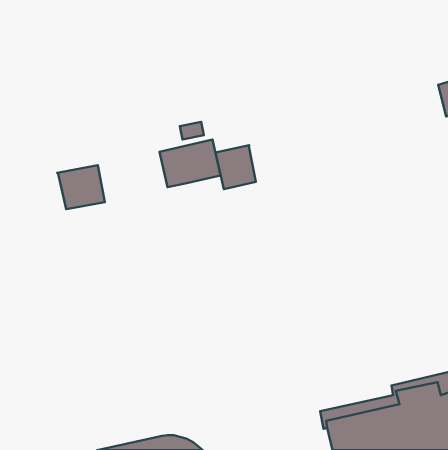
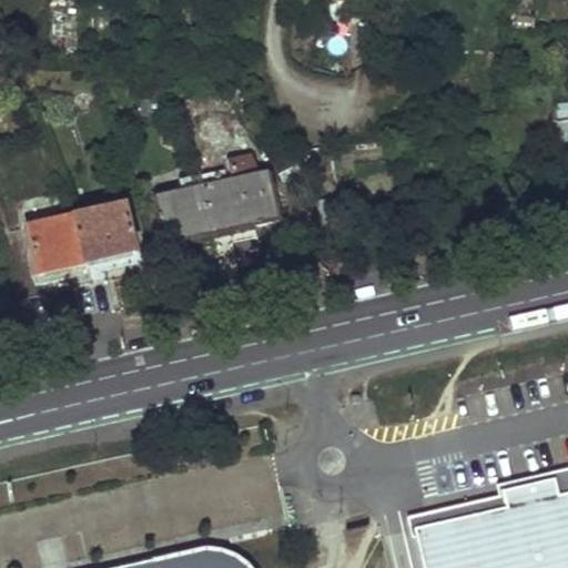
building: [215,145,256,189] -> none
building: none -> [156,191,214,246]
building: none -> [28,217,87,273]

